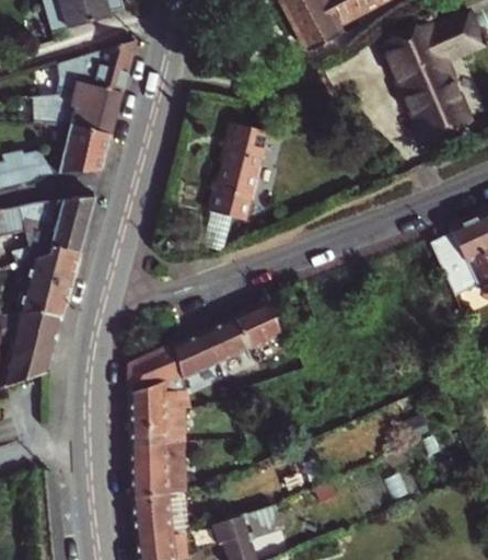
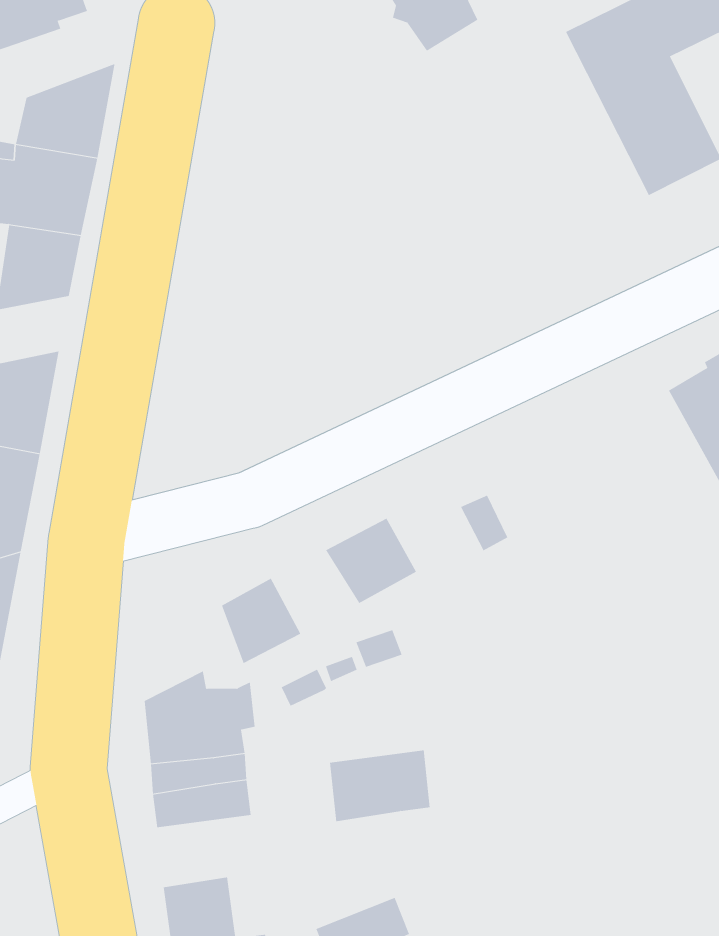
building: [210,124,262,215] -> none
building: [204,316,251,361] -> none
building: [129,342,188,392] -> none
building: [131,458,185,494] -> [329,750,430,822]

